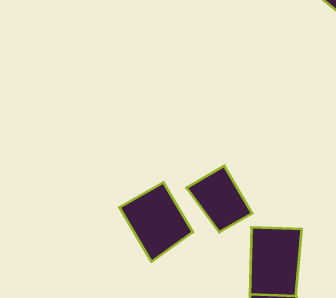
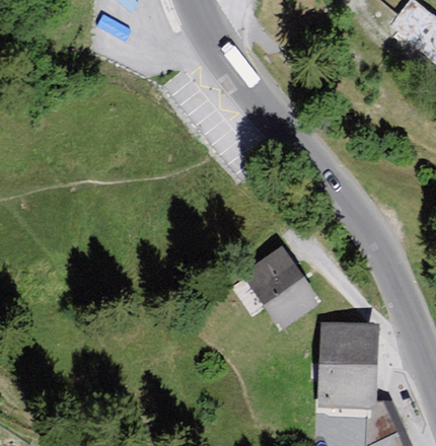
building: [119,182,193,262] -> none

